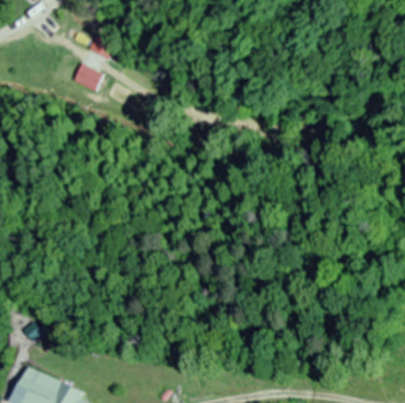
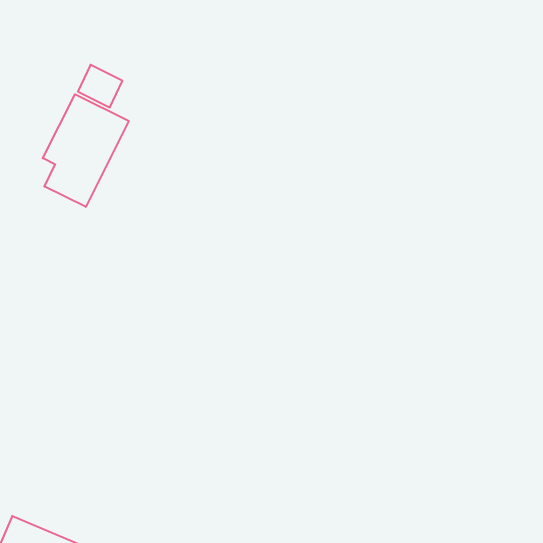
building: none -> [43,94,129,207]

